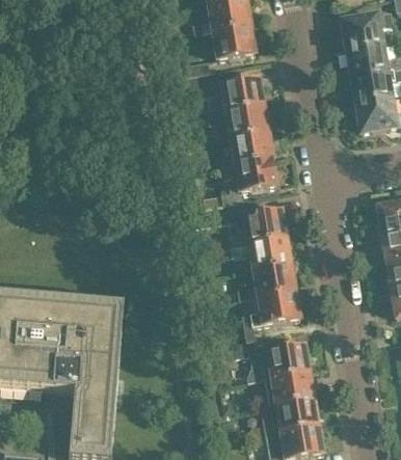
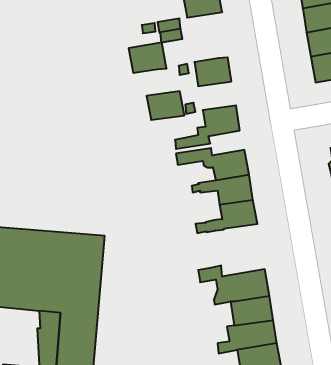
building: [220,75,263,109] -> [129,42,167,73]
building: [230,131,272,163] -> [146,91,184,120]
building: [242,291,300,340] -> none

